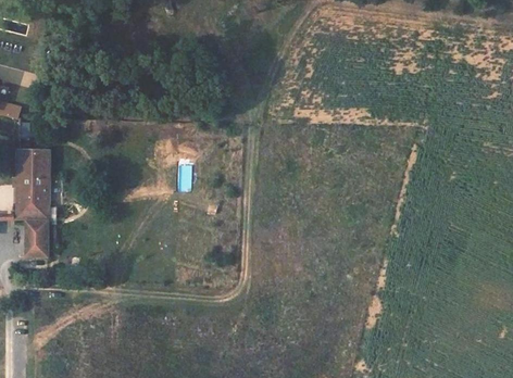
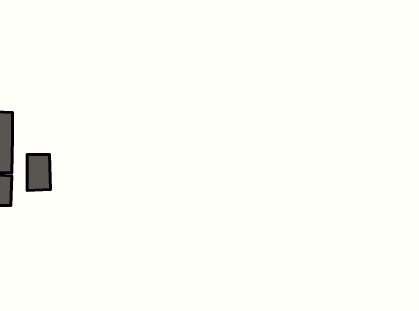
building: none -> [27,154,51,191]

